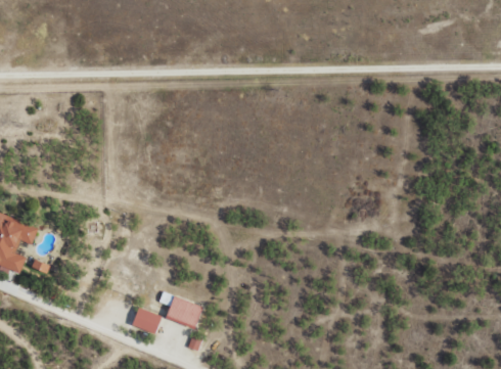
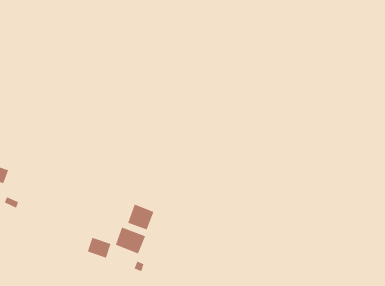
building: none -> [127,204,155,230]

